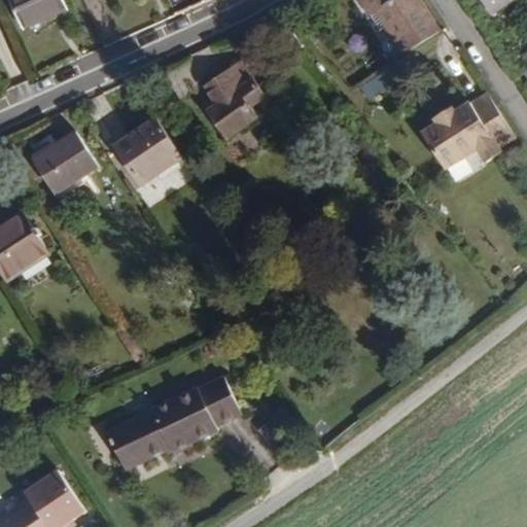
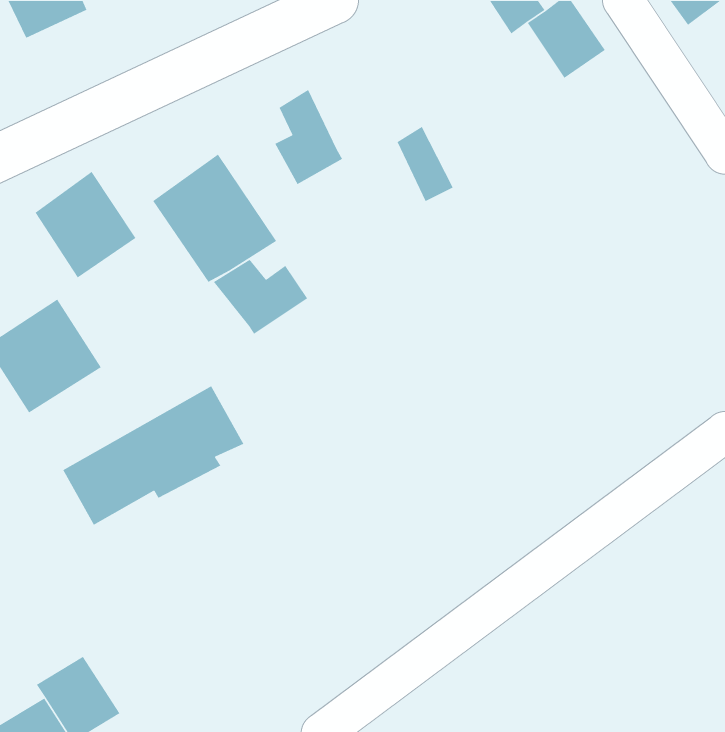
building: [221,54,262,108] -> [396,126,454,202]
building: [423,97,516,173] -> none
building: none -> [213,259,308,335]
building: [110,358,241,459] -> [62,385,244,526]

